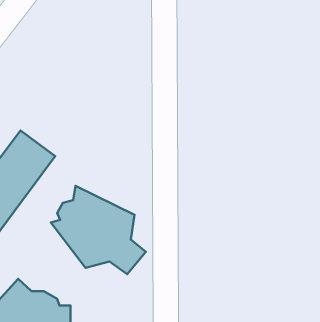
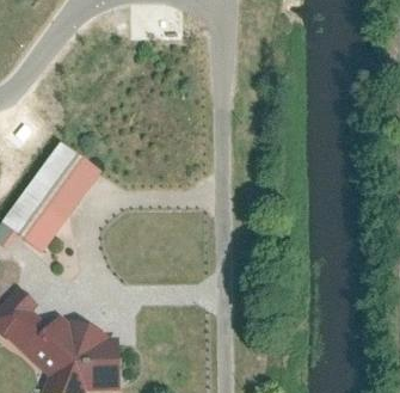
building: [51,186,146,274] -> none

